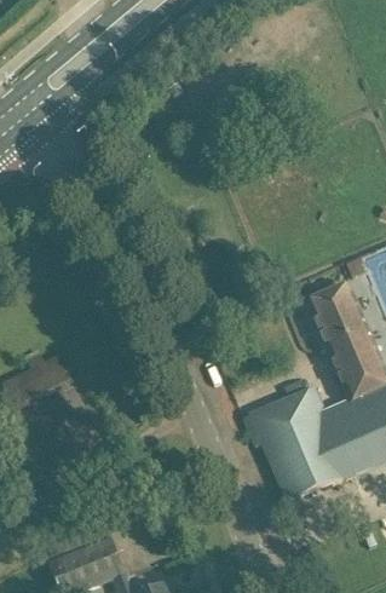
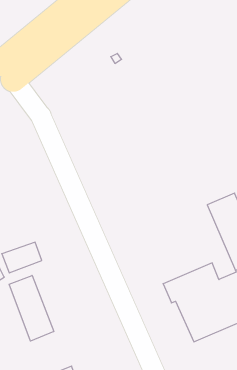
building: none -> [9,275,54,341]

